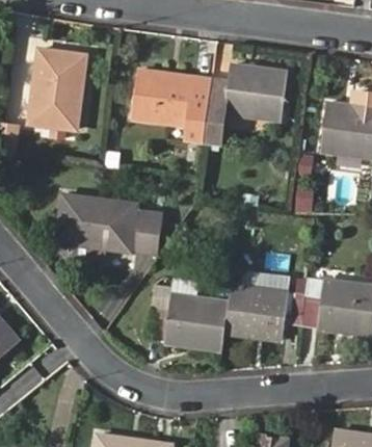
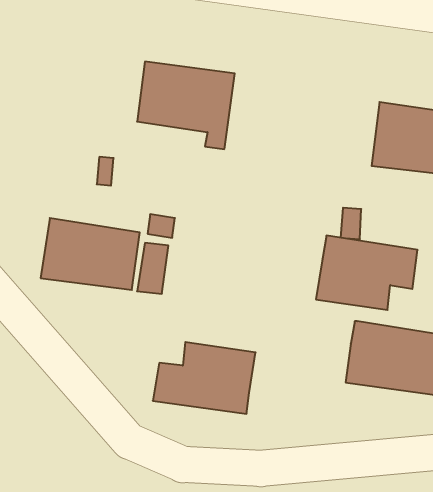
building: [30,48,85,130] -> none
building: [205,63,287,146] -> none
building: [224,283,305,342] -> [316,236,418,310]

